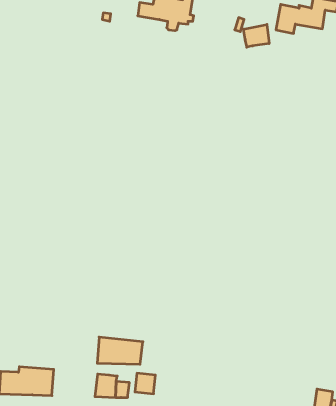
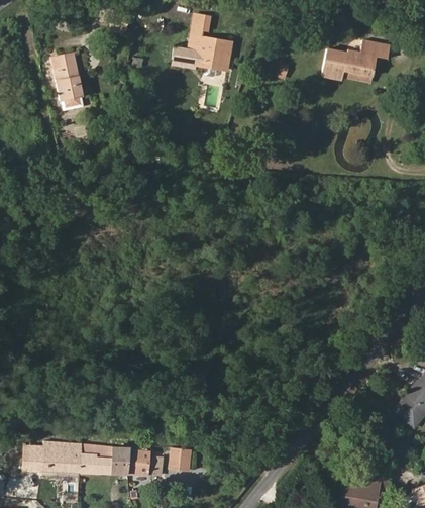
building: none -> [51,52,84,110]
building: [244,24,269,47] -> none
building: [97,337,143,364] -> [80,443,129,473]

